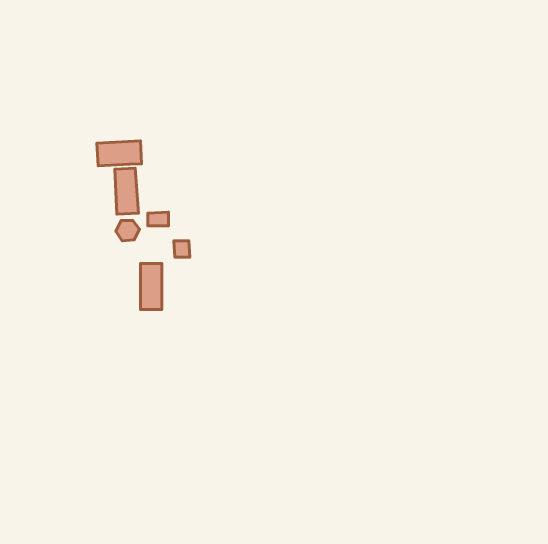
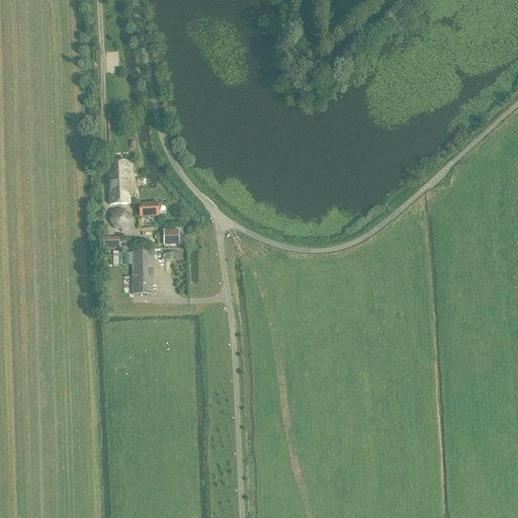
building: [97,141,142,166] -> none

